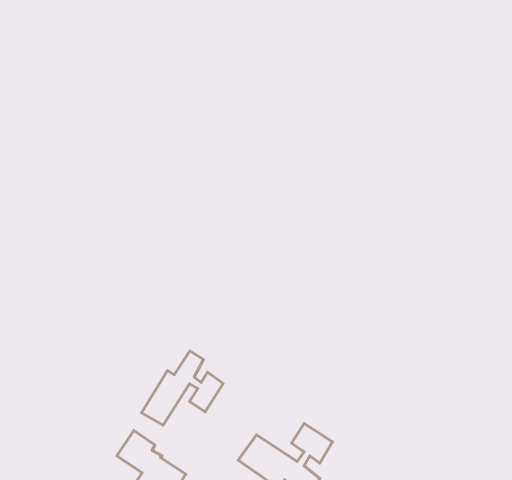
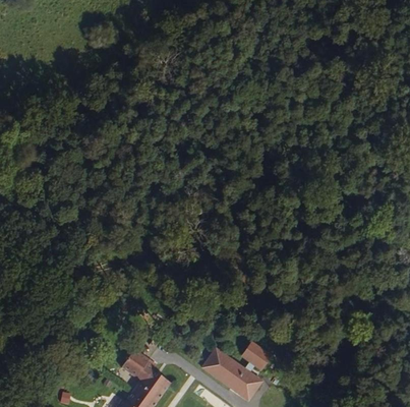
building: [141,351,223,425] -> none

